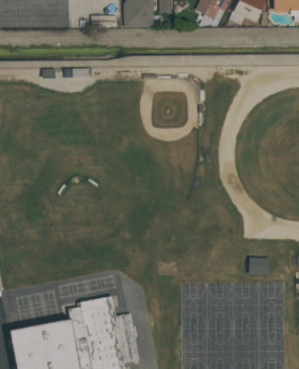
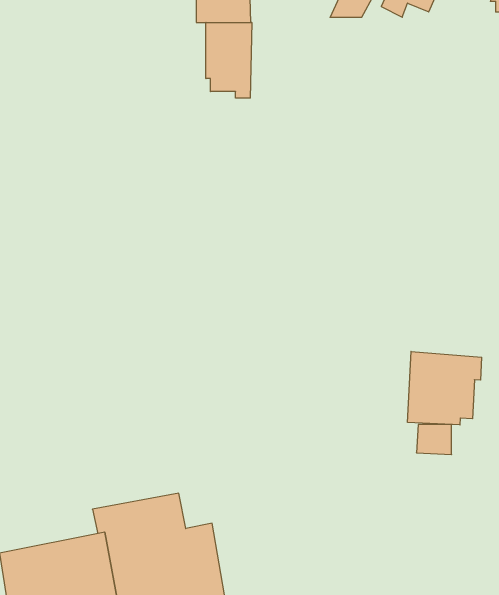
building: none -> [206,22,252,98]
building: none -> [408,351,482,425]

